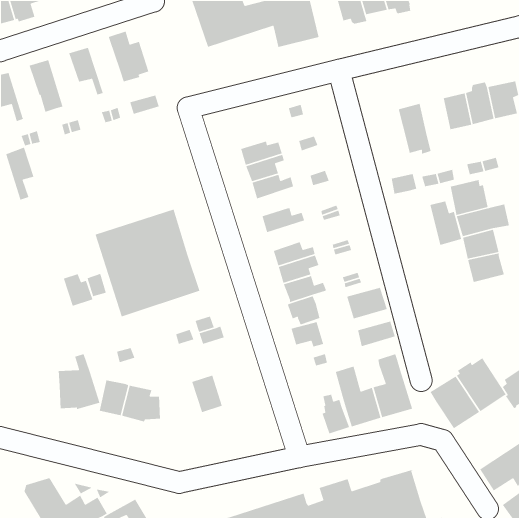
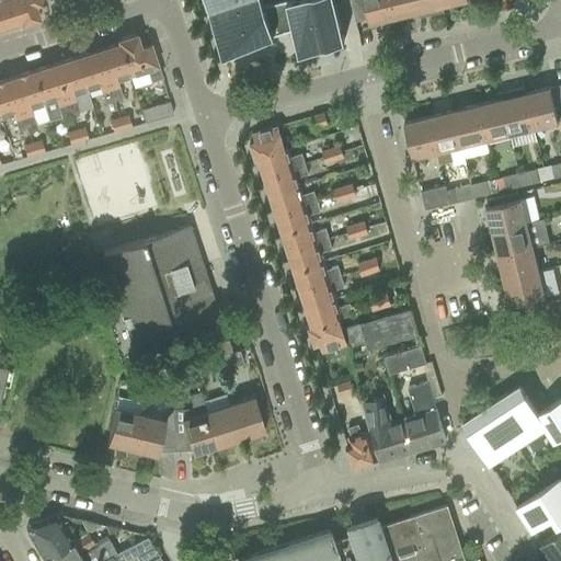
building: none -> [96,45,129,103]
building: none -> [54,59,92,117]
building: none -> [454,107,485,148]
building: none -> [404,119,438,160]
building: none -> [251,128,288,162]
building: [5,147,35,200] -> [11,72,43,130]
building: none -> [277,204,320,234]
building: [430,201,462,246] -> none
building: none -> [288,240,333,272]
building: [63,273,94,307] -> none
building: [291,321,324,348] -> [345,321,381,350]
building: [58,353,101,410] -> [172,393,218,455]
building: none -> [230,399,264,439]

